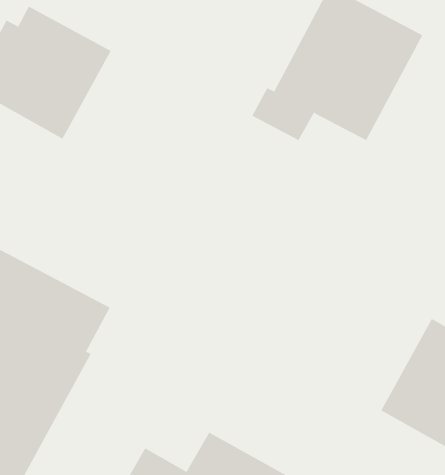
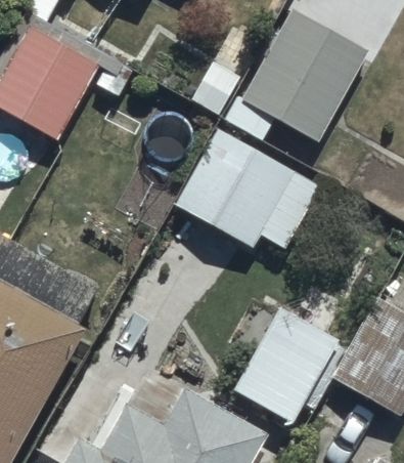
building: none -> [177,130,322,250]
building: none -> [236,307,338,421]

